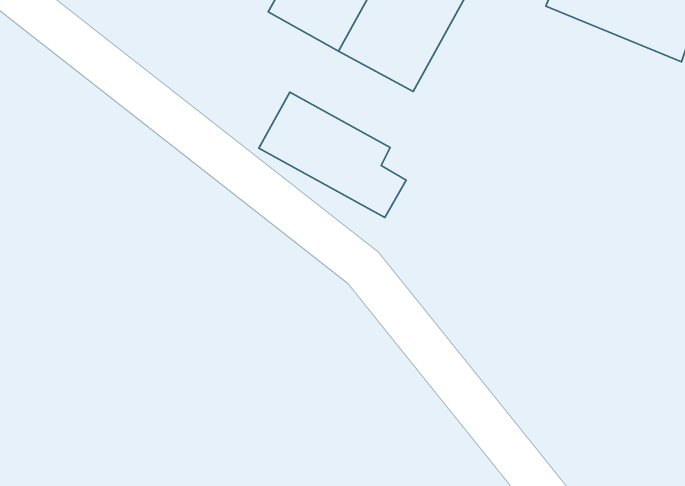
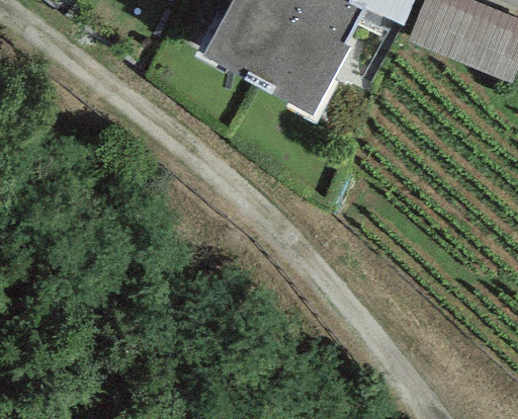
building: [259,92,406,218] -> none

